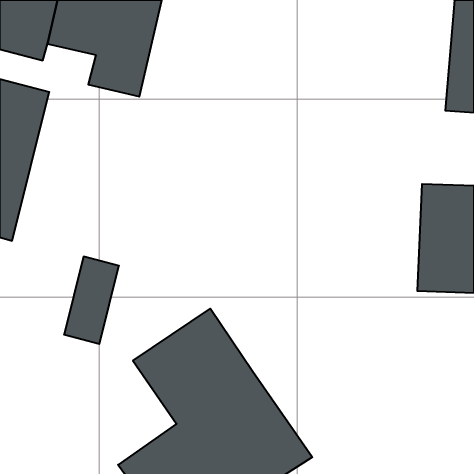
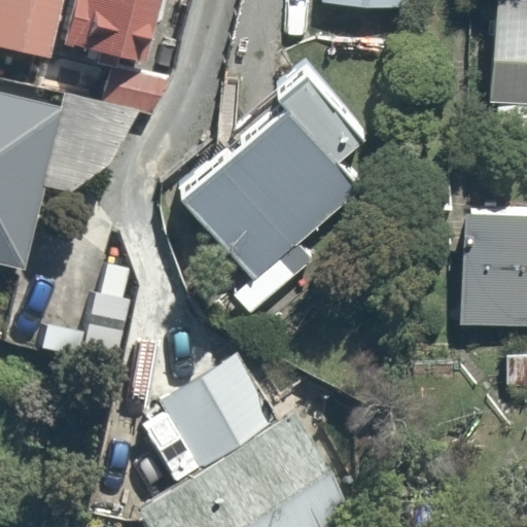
building: none -> [186,70,376,314]

